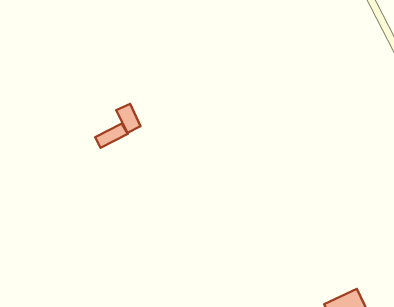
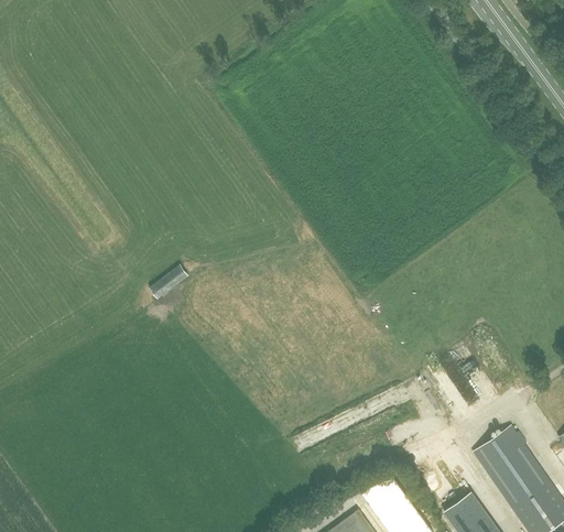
building: [116,104,141,133] -> none

